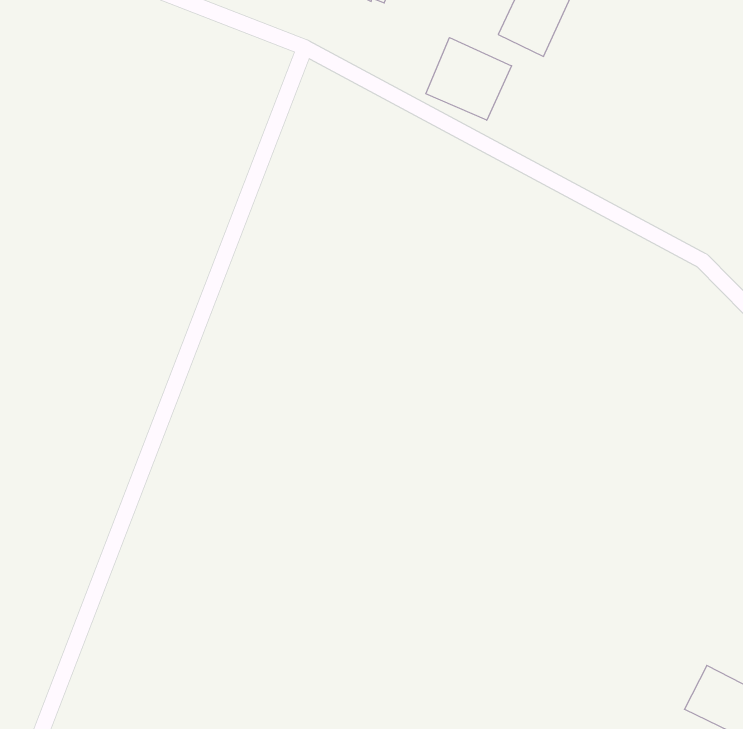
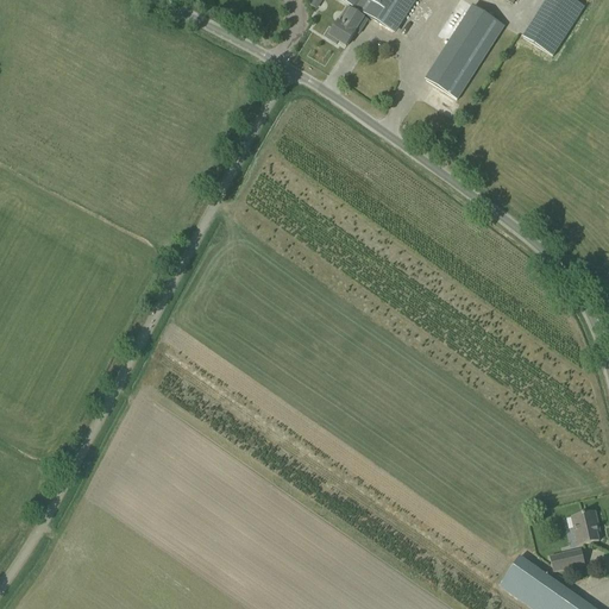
building: [426,38,512,120] -> none

